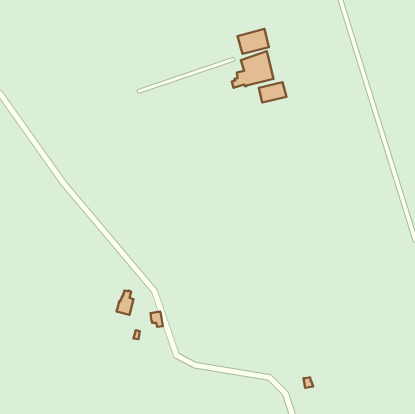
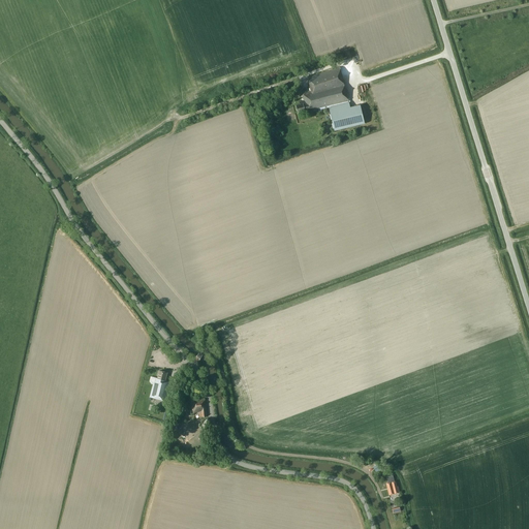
building: [237,29,269,54] -> none

